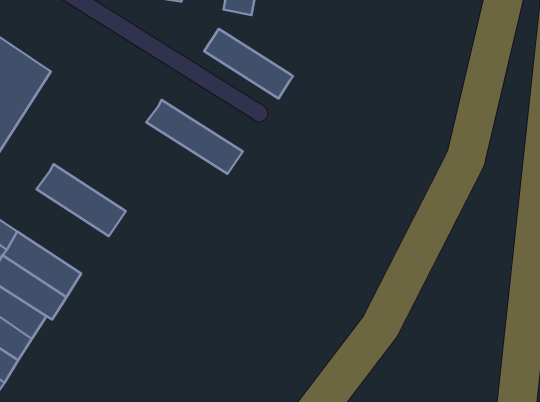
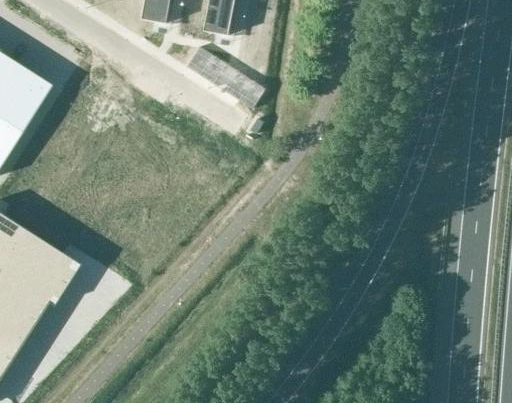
building: [146,100,243,174] -> none
building: [36,164,126,236] -> none

